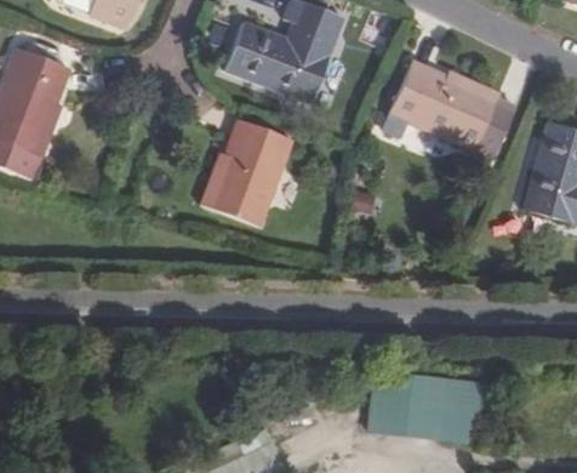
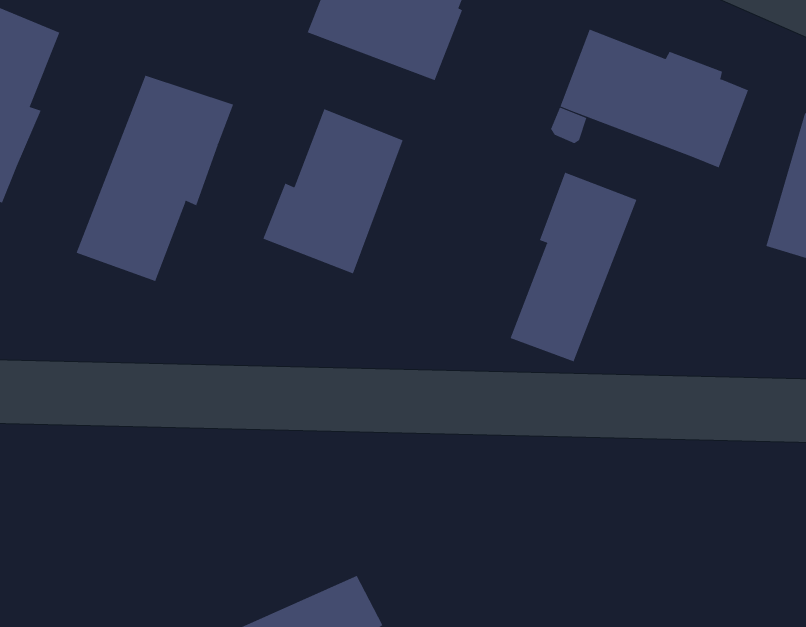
building: none -> [76,75,234,282]
building: none -> [510,172,637,362]
building: [361,359,479,443] -> none

